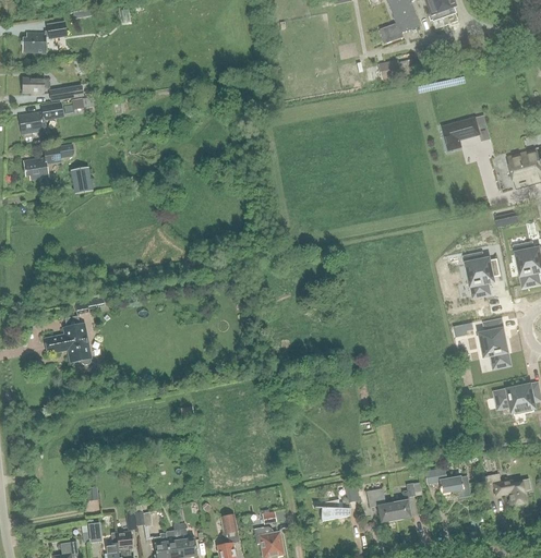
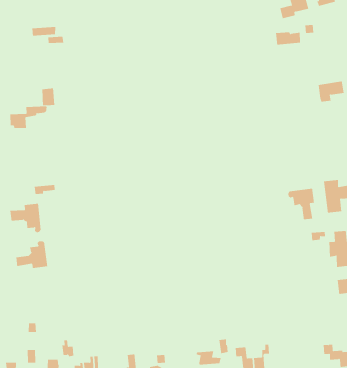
building: [22,75,49,96] -> none
building: [17,102,63,135] -> none
building: [22,145,72,180] -> [9,106,48,128]
building: none -> [288,188,314,220]
building: none -> [16,240,48,269]
building: [424,469,470,498] -> none

